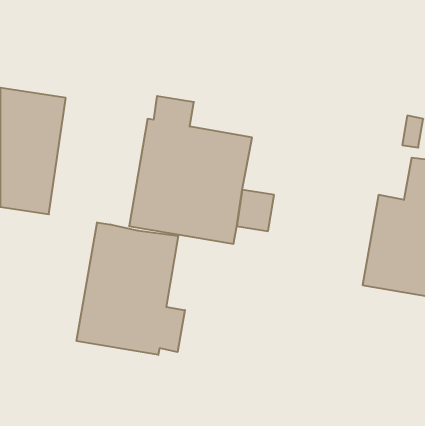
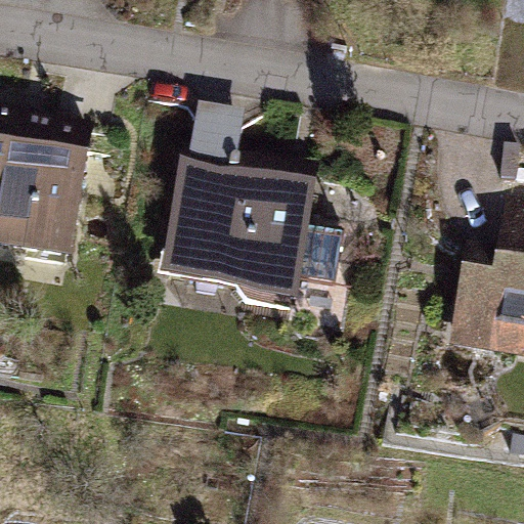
building: [77,222,185,355] -> none

